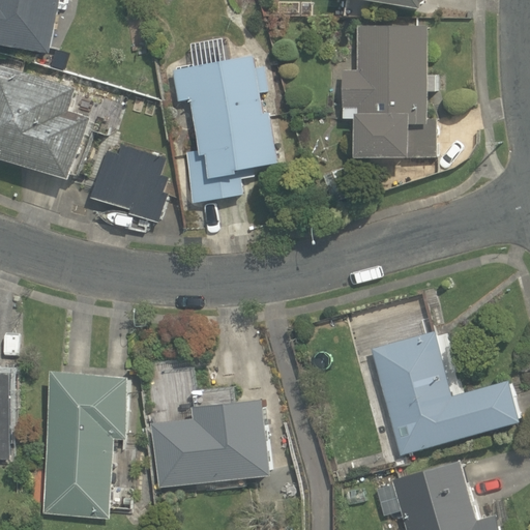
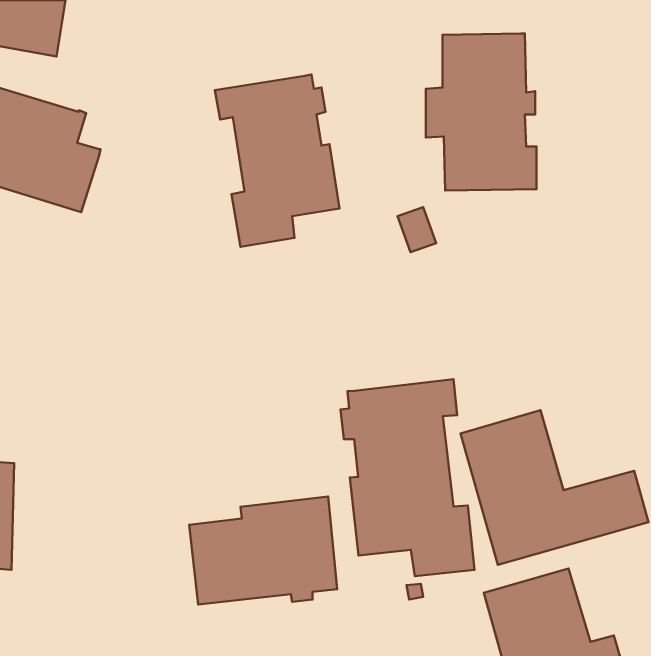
building: [91,146,167,235] -> none
building: none -> [341,379,474,576]
building: [40,371,131,520] -> none

